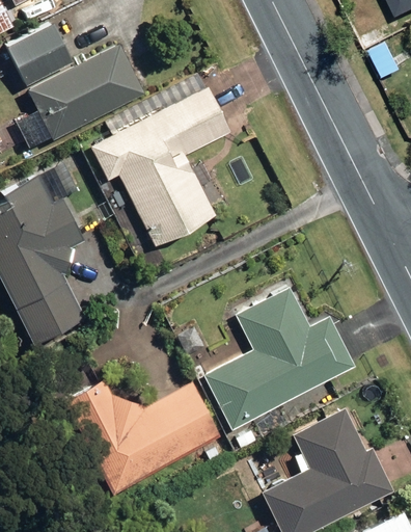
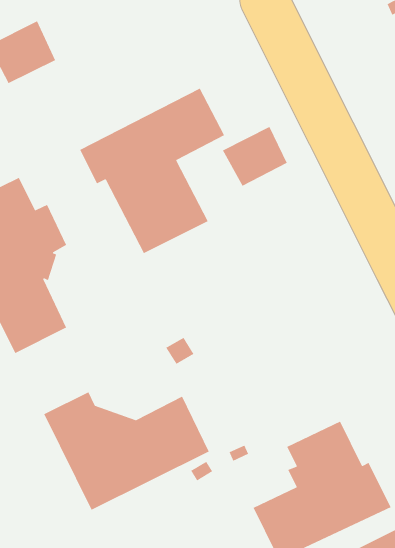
building: [28,45,144,141] -> none
building: none -> [222,126,288,187]
building: [199,286,357,429] -> none

